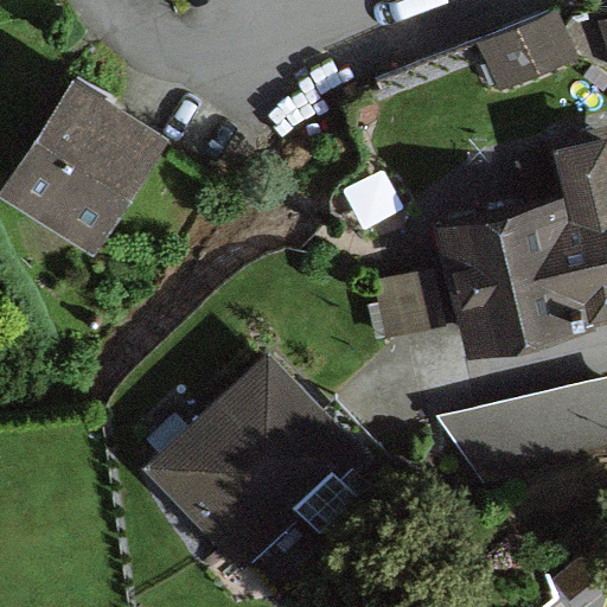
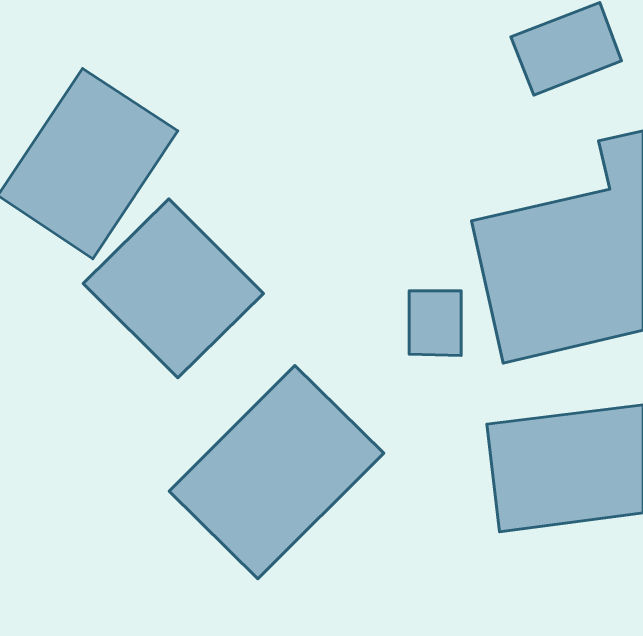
building: none -> [83,199,263,378]

